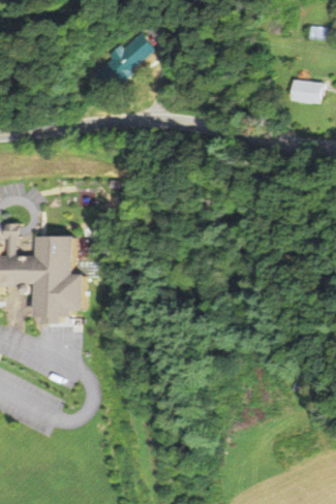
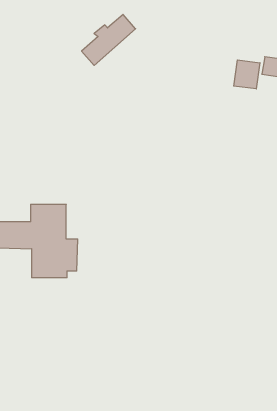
building: none -> [234,60,260,89]

